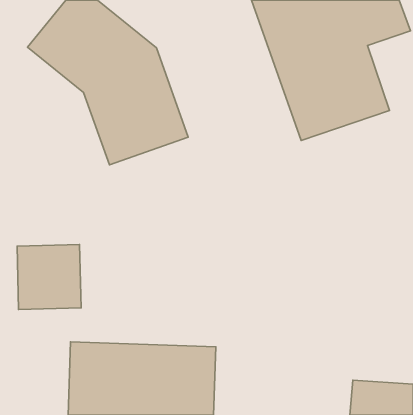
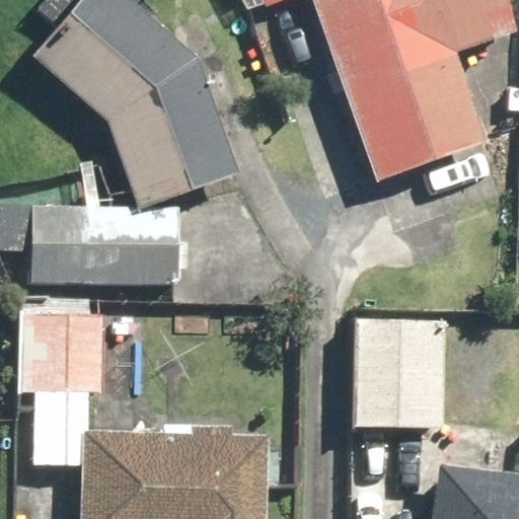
building: none -> [26,219,168,287]
building: none -> [352,311,441,428]

